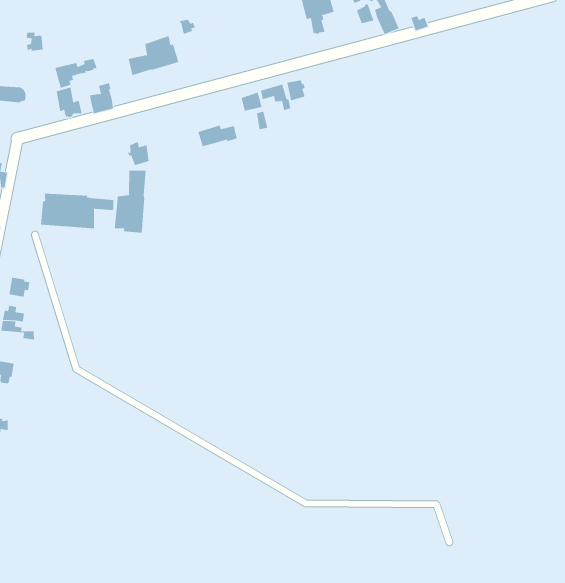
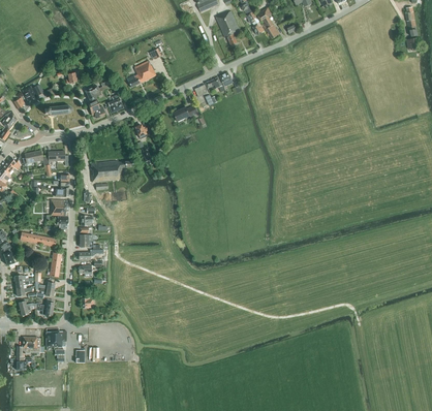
building: [114,170,146,233] -> none

